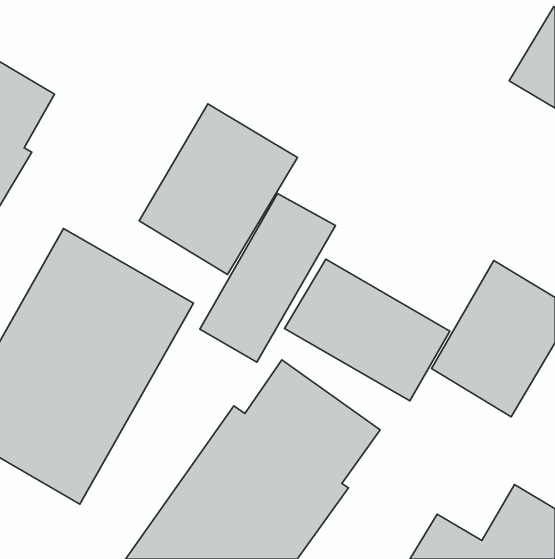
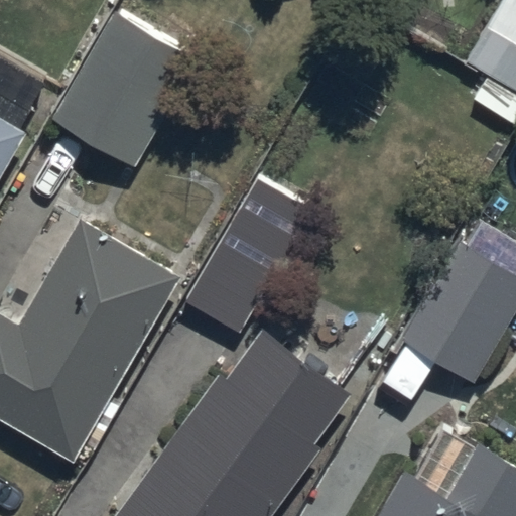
building: [139,104,297,275] -> [52,12,199,169]
building: [284,259,450,401] -> none

